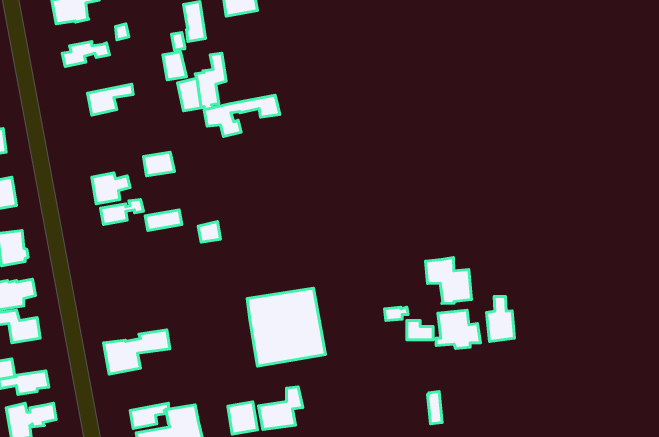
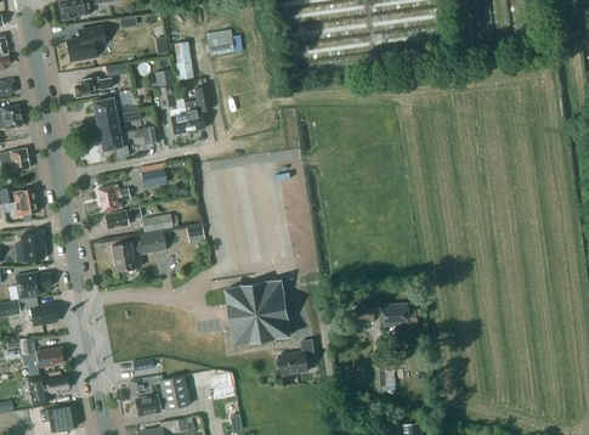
building: none -> [91,96,138,119]
building: [204,95,280,136] -> [98,125,160,159]
building: [425,257,471,304] -> none
building: [486,296,514,341] -> none
building: [103,330,170,374] -> [111,235,165,271]
building: [258,387,303,430] -> [278,339,315,374]

